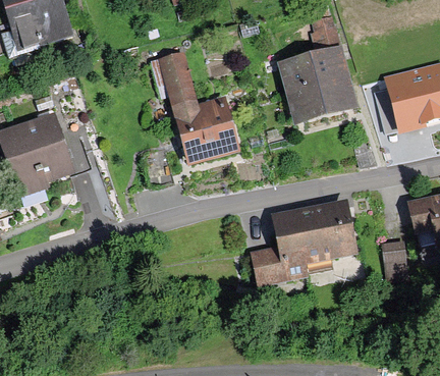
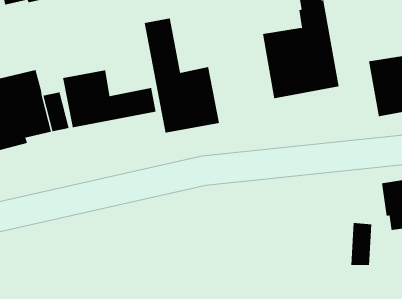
building: none -> [62,69,156,128]
building: [249,201,355,285] -> none

